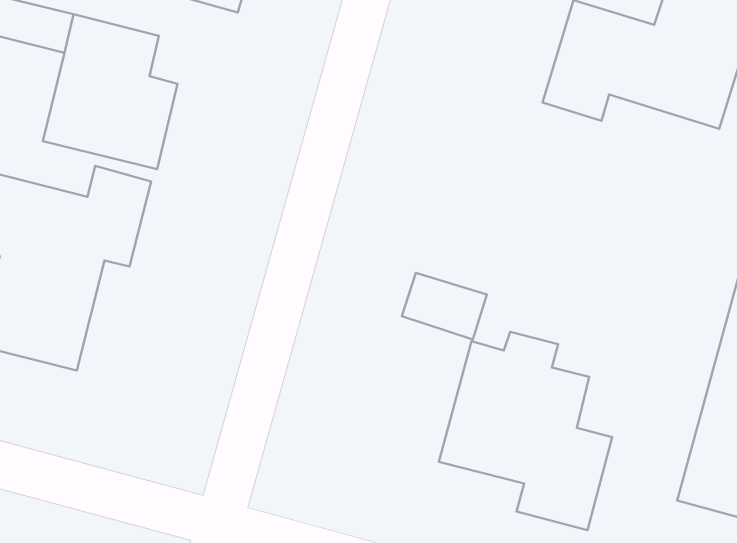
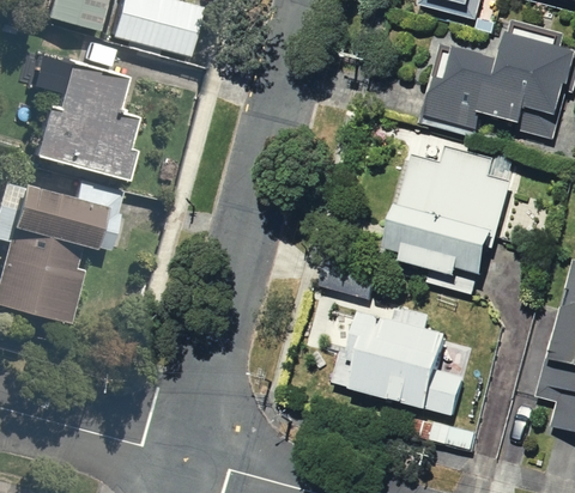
building: none -> [381,150,521,298]

